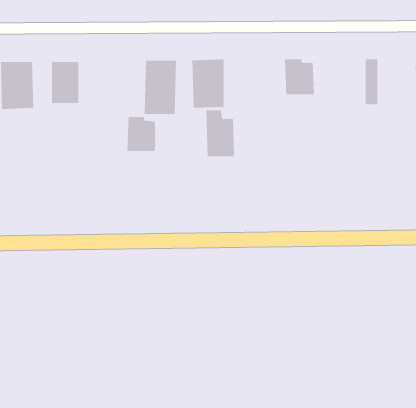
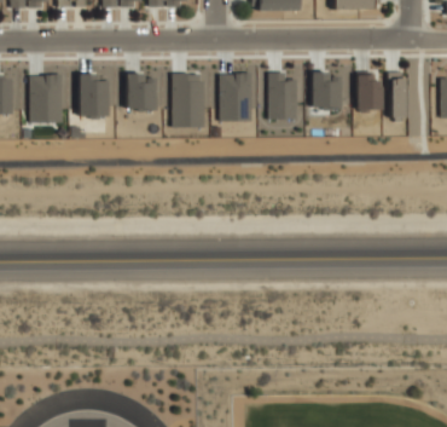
building: none -> [358,71,382,110]
building: [206,110,235,157] -> [269,73,298,120]
building: [127,116,156,152] -> [127,74,156,109]

